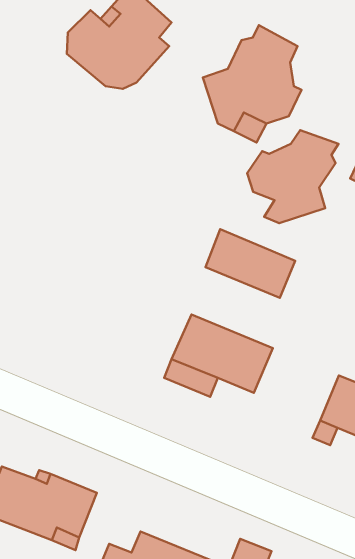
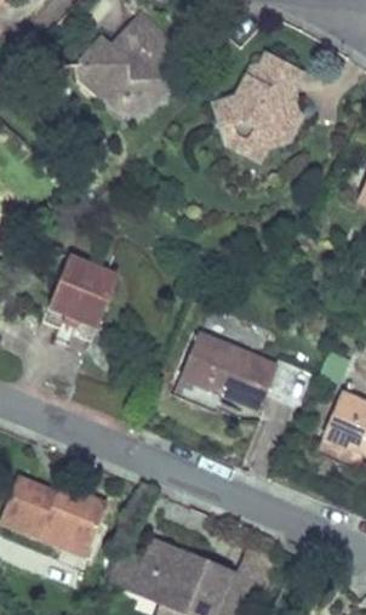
building: [247,130,338,223] -> none
building: [205,229,295,298] -> none
building: none -> [42,252,120,342]

